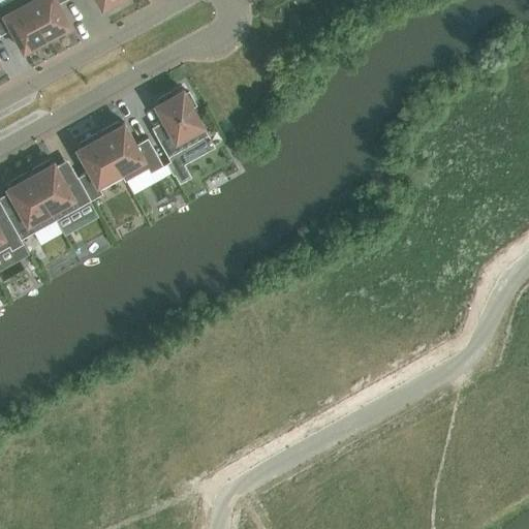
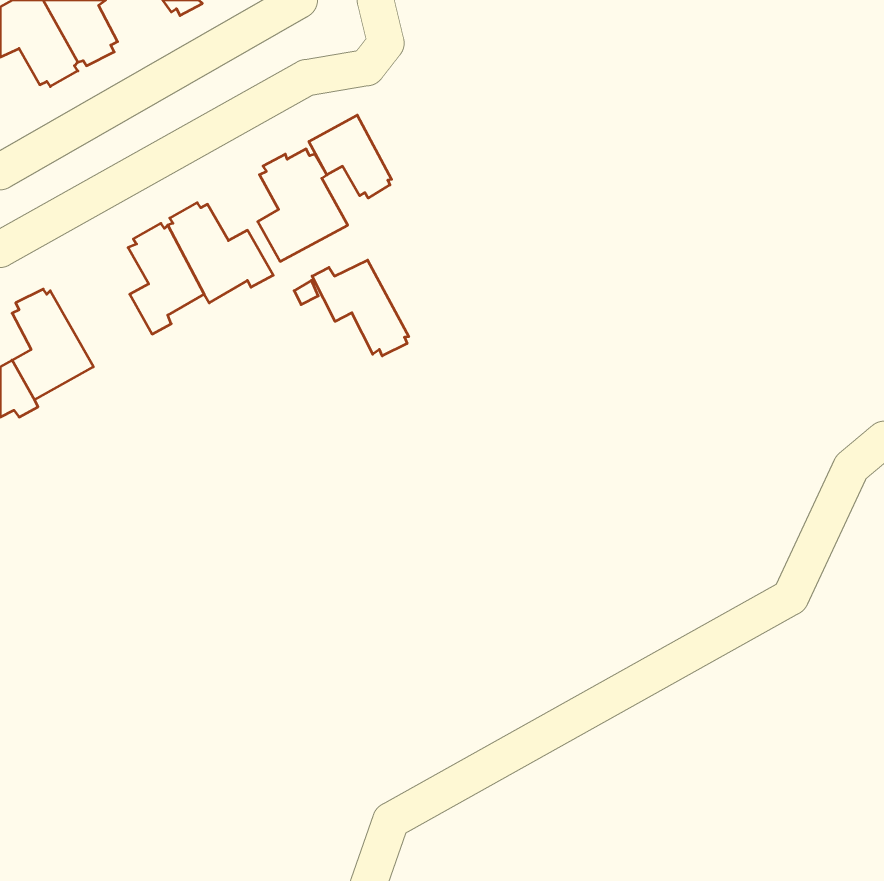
building: none -> [309,115,392,198]
building: none -> [312,260,409,356]
building: [30,162,91,221] -> none

